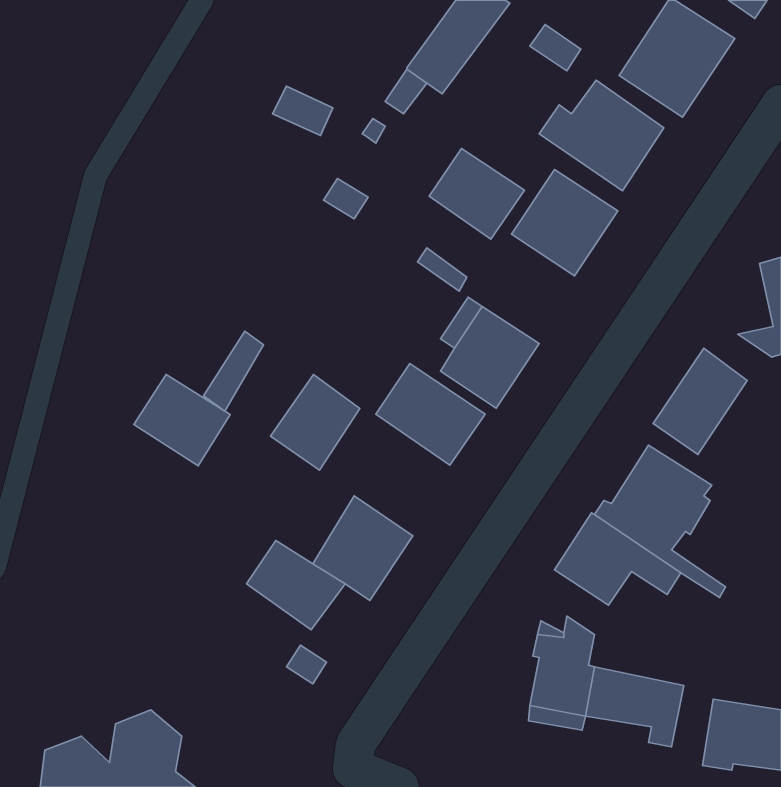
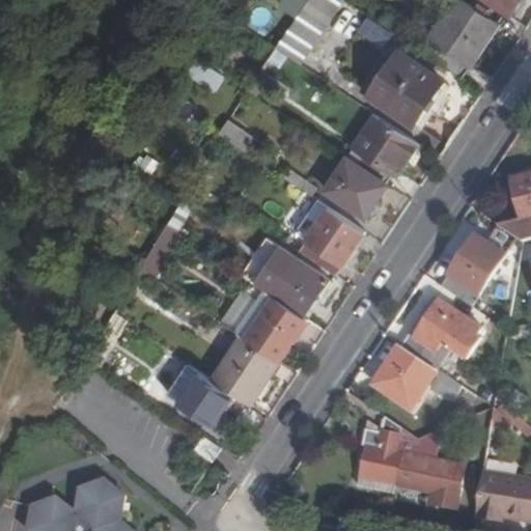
building: [429,148,525,239] -> [323,158,387,219]
building: [134,374,230,466] -> none
building: [270,375,360,470] -> [245,297,305,361]

